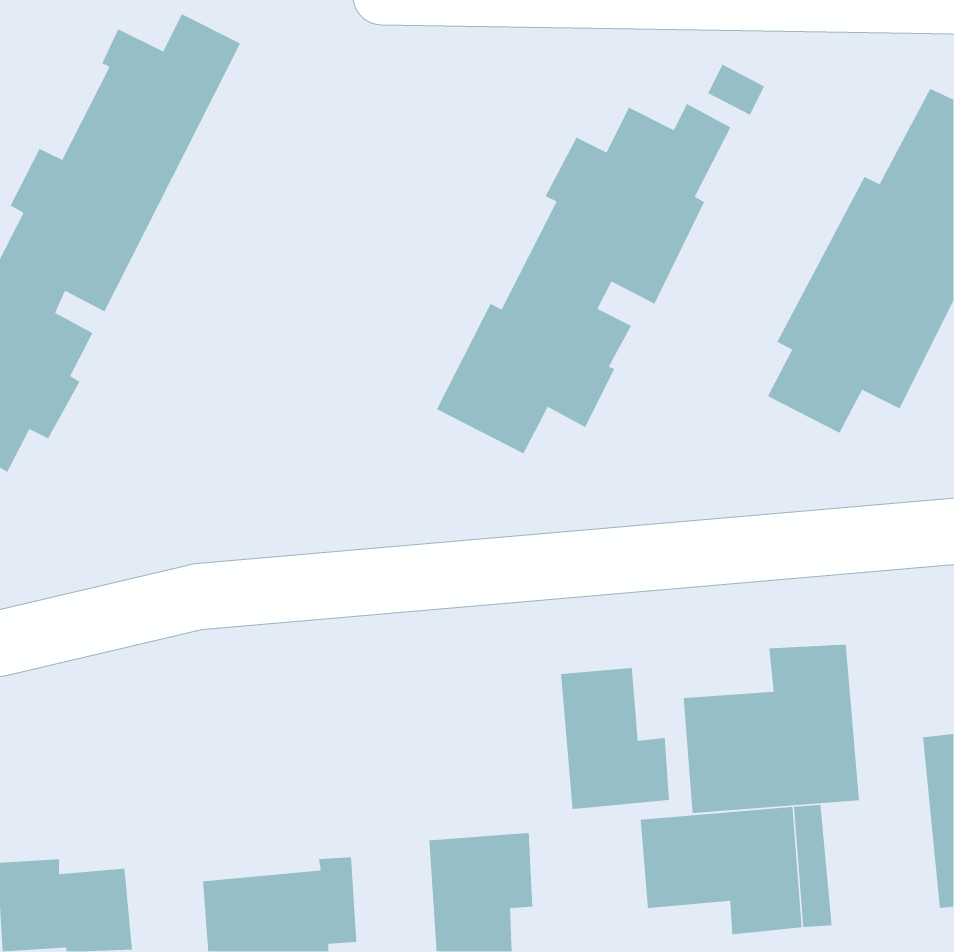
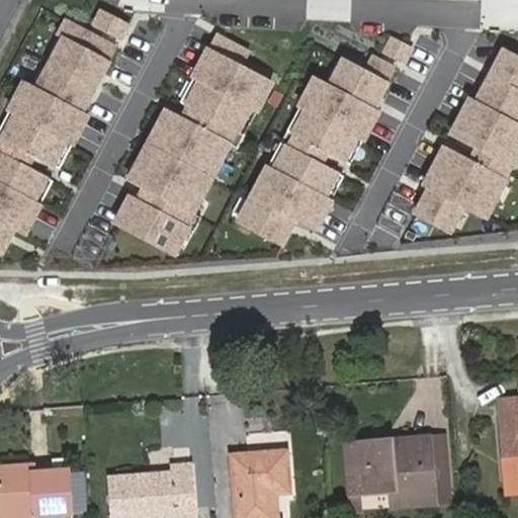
building: none -> [113,32,274,256]
building: [683,644,860,814] -> none
building: [560,667,670,810] -> none

